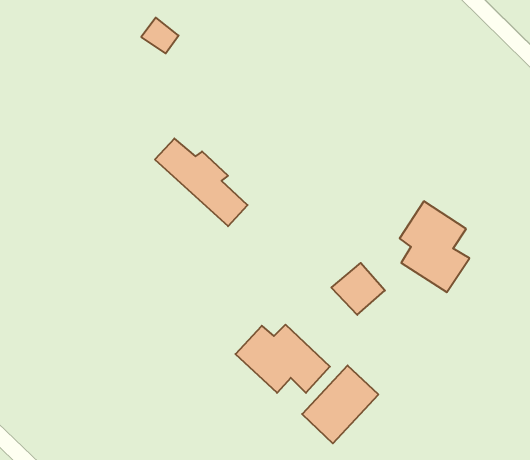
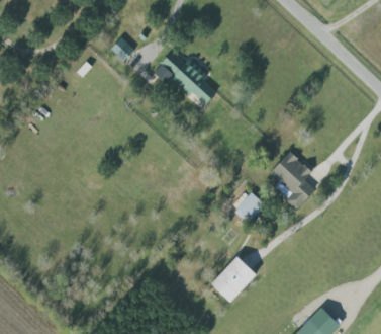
building: [155,138,248,226] -> [160,52,217,106]
building: [235,325,330,393] -> none

